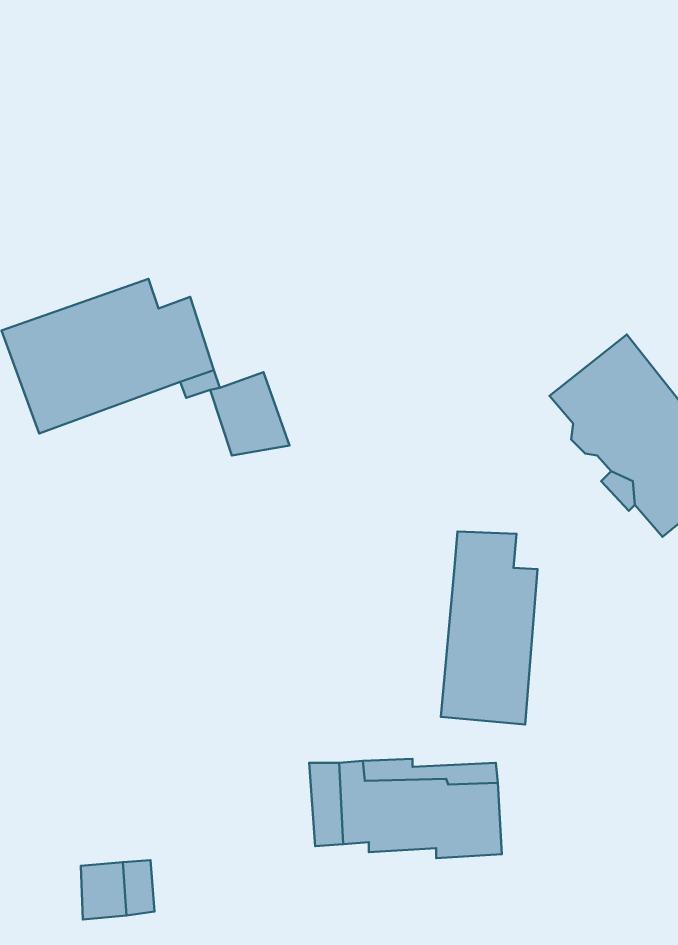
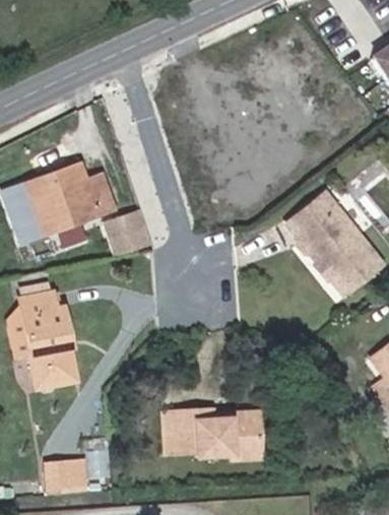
building: none -> [10,291,78,388]
building: [441,531,538,725] -> none

